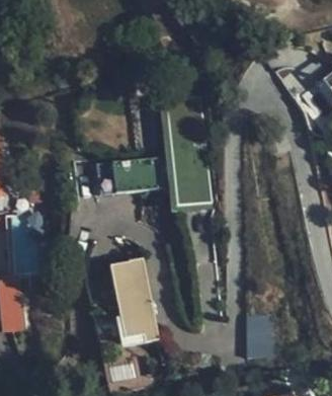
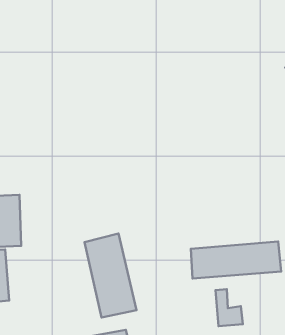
building: none -> [191,241,281,279]

